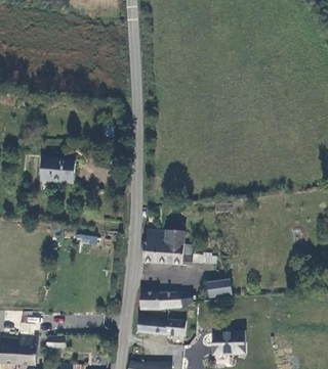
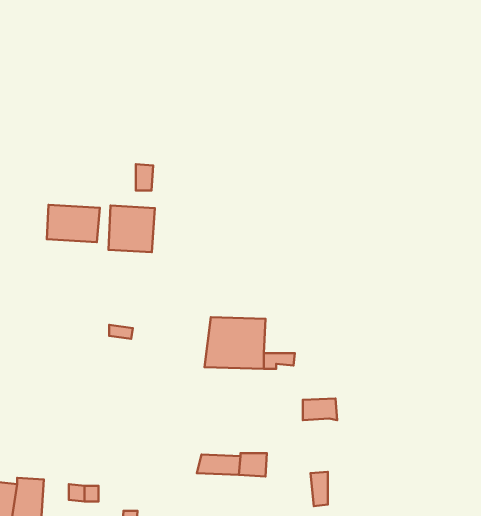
building: none -> [109,206,155,252]
building: [142,293,191,311] -> none
building: [224,331,247,354] -> none

